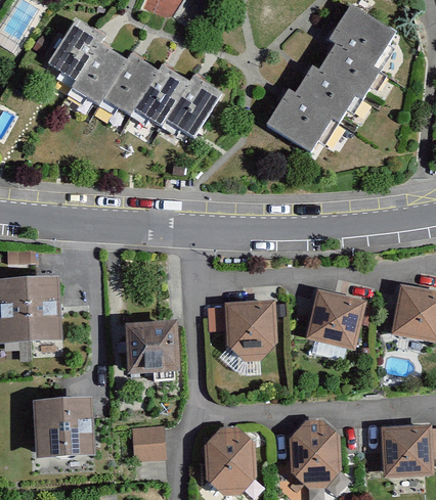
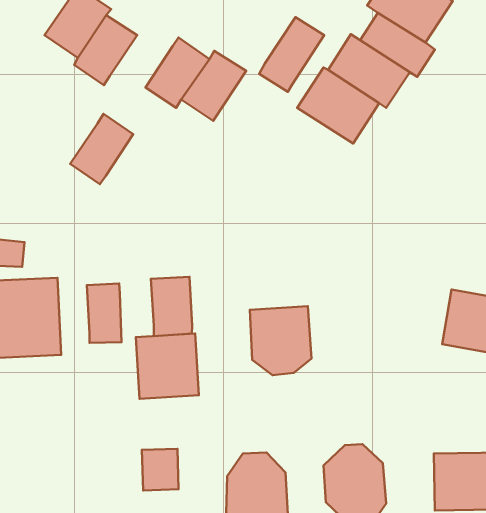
building: none -> [259,17,324,92]
building: [103,57,158,118] -> [70,114,133,184]
building: none -> [151,277,192,336]
building: none -> [87,284,121,343]
building: [306,288,364,348] -> none
building: [31,398,97,461] -> none

